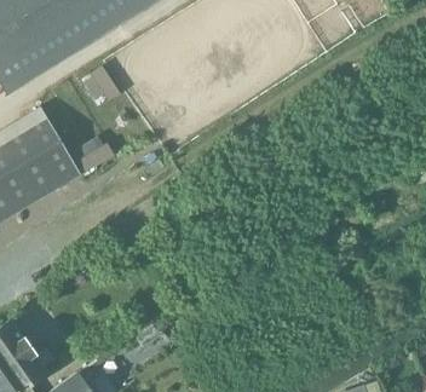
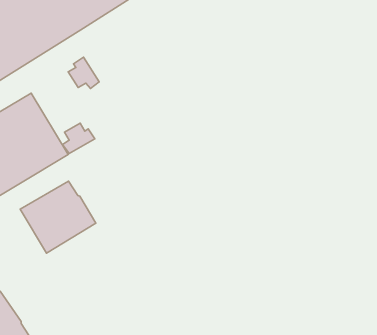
building: none -> [20,181,96,253]

